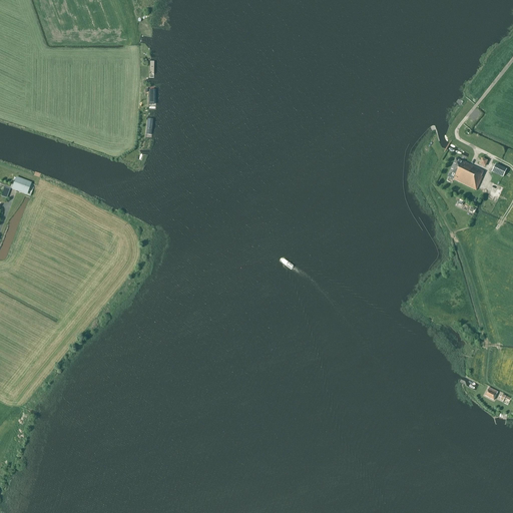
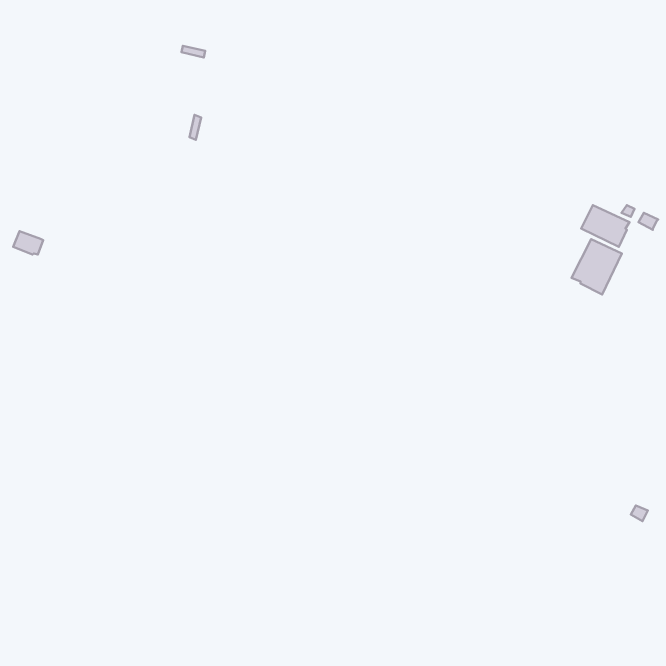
building: none -> [571,239,622,294]

